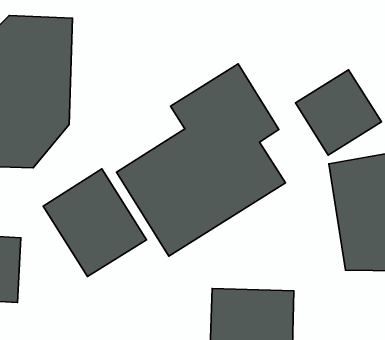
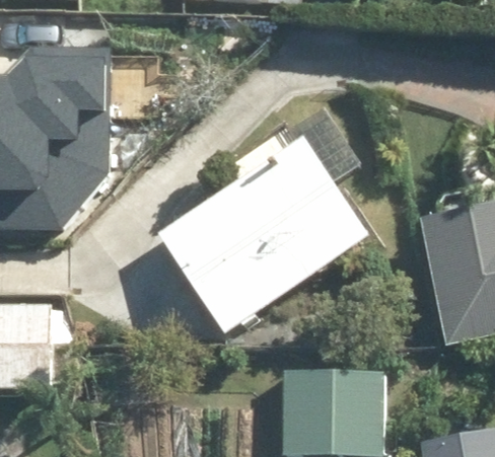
building: [296,70,381,155] -> none
building: [43,169,147,277] -> none

